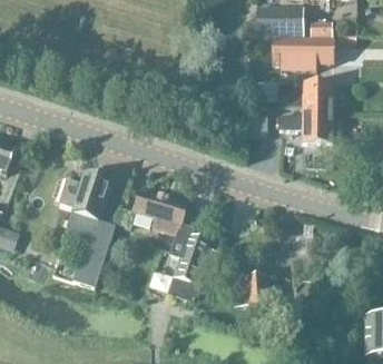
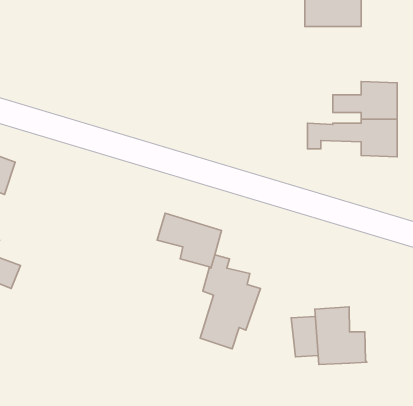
building: [277,38,335,67] -> none
building: [58,169,112,286] -> none
building: none -> [315,307,367,365]

